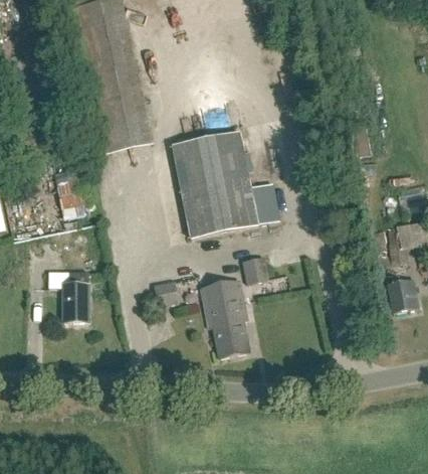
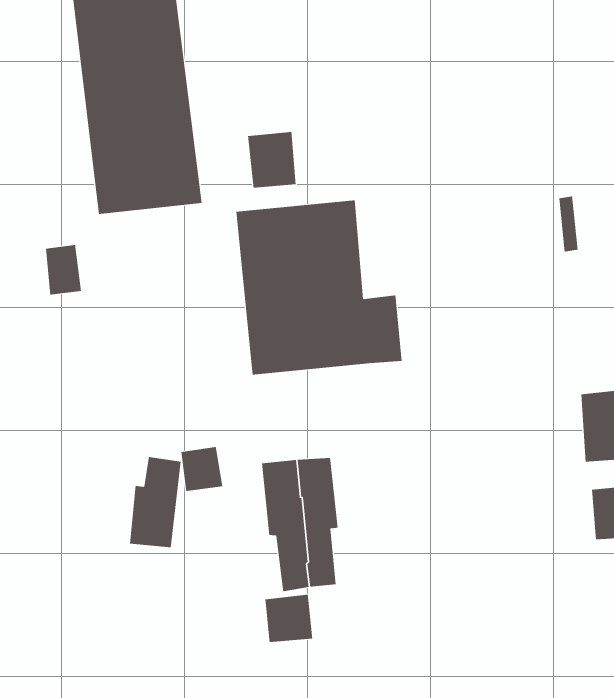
building: none -> [248,131,296,189]
building: [243,258,269,284] -> none
building: [63,270,88,320] -> [129,457,182,548]
building: none -> [265,594,313,643]

